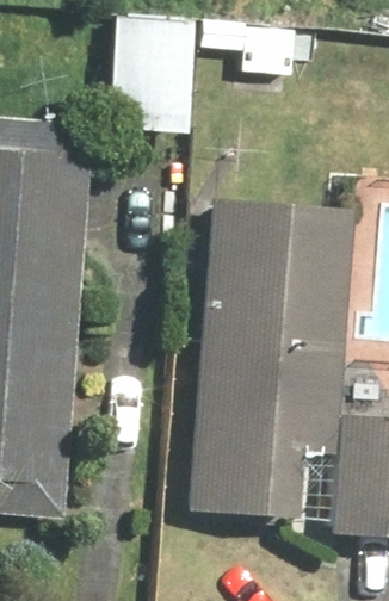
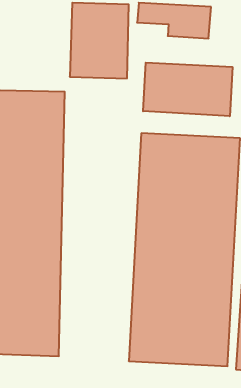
building: none -> [143,63,232,116]

